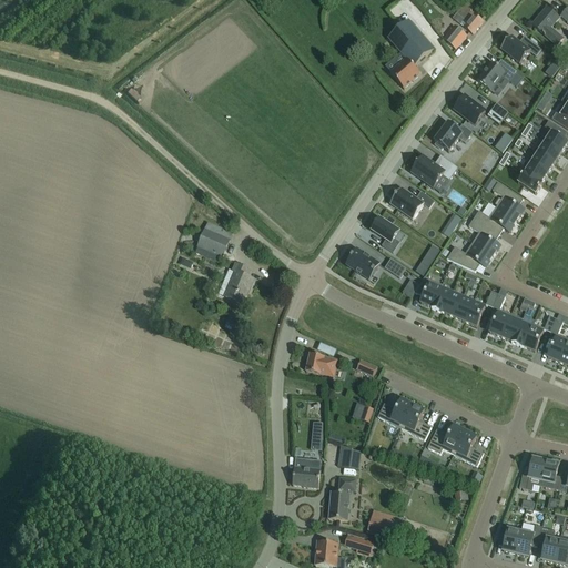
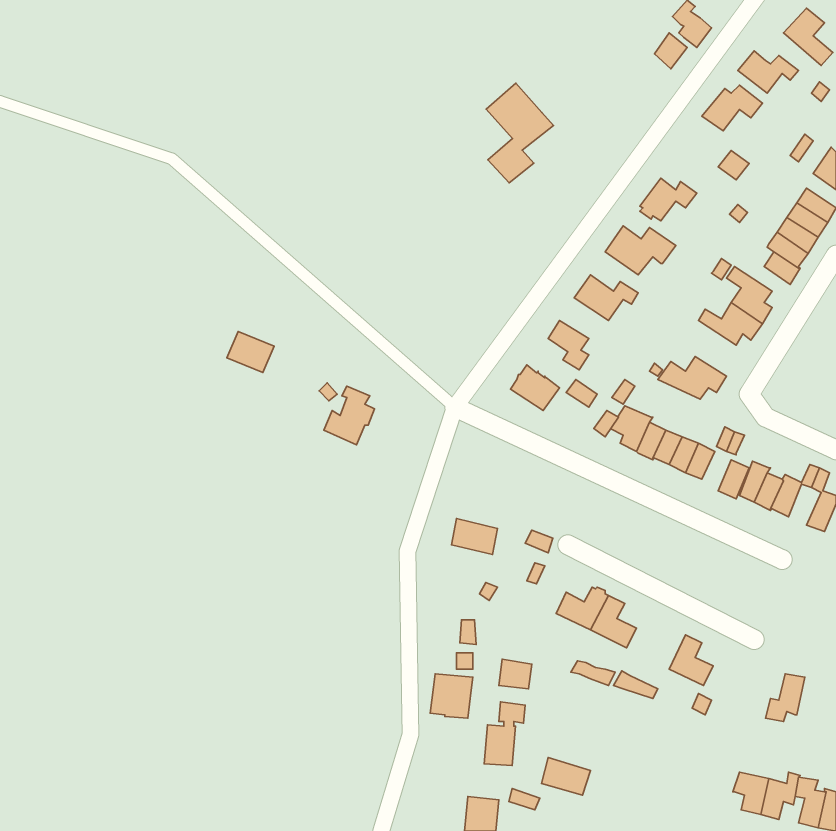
building: [388,19,434,87] -> [486,83,553,183]
building: [454,94,485,123] -> none
building: [468,217,500,255] -> none
building: [197,227,230,255] -> [227,332,274,372]
building: [427,425,465,454] -> none
building: [540,458,562,489] -> none

